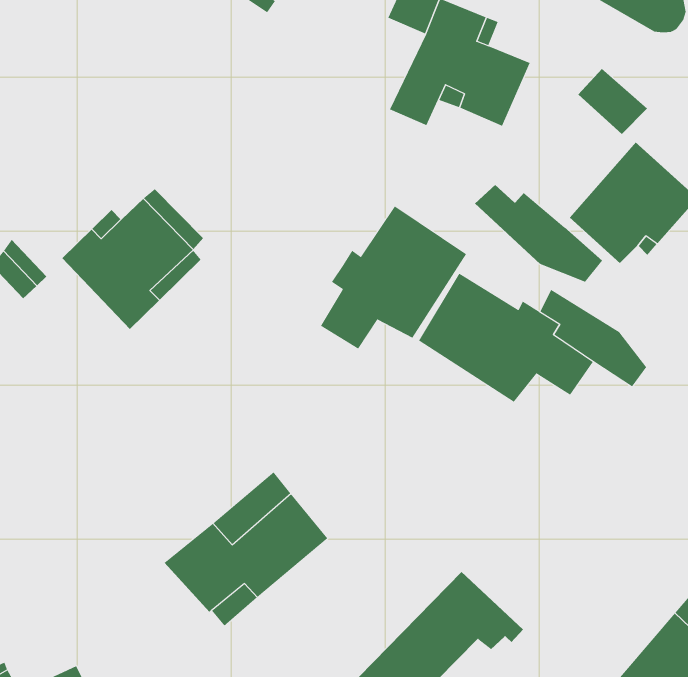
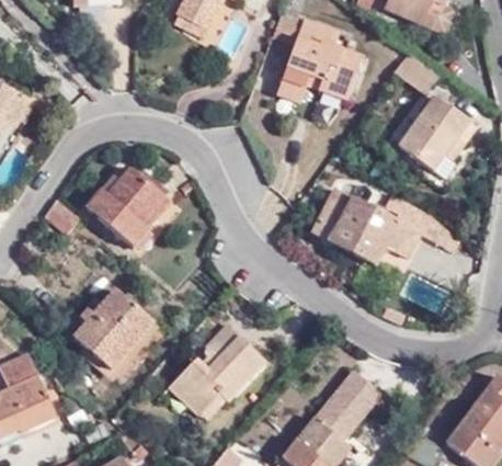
building: [474,184,603,283] -> none
building: [320,206,467,349] -> none
building: none -> [77,285,156,370]

